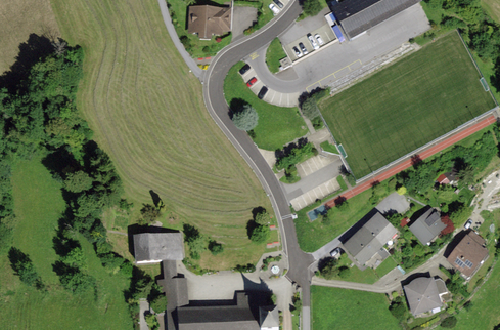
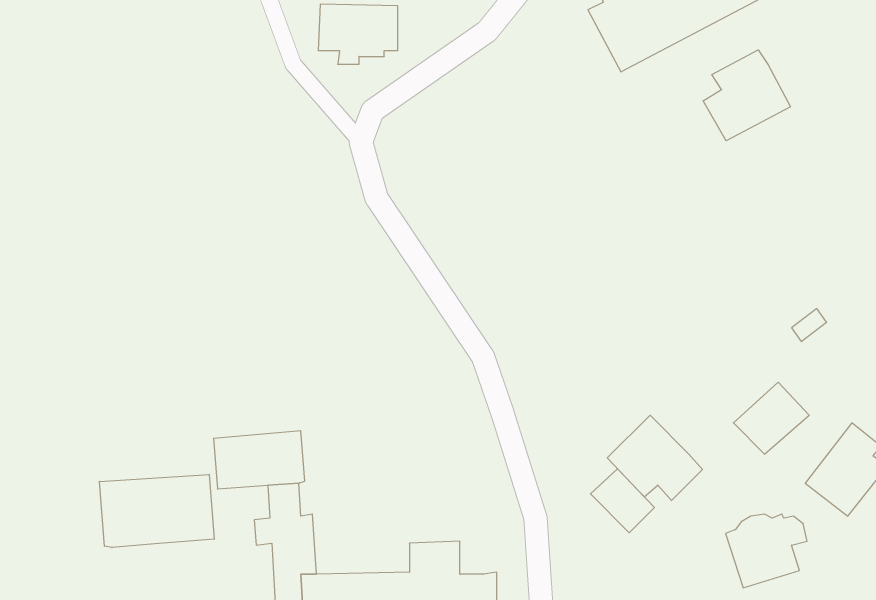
building: none -> [703,50,790,141]
building: [363,210,397,244] -> [590,469,654,533]
building: none -> [99,474,214,548]

